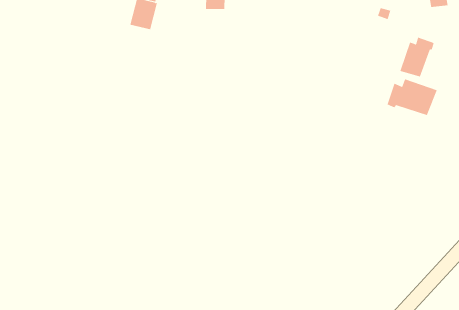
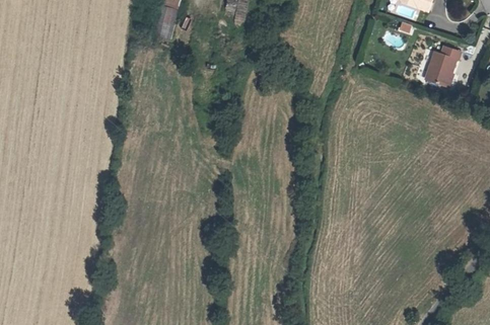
building: [387,78,438,116] -> none

